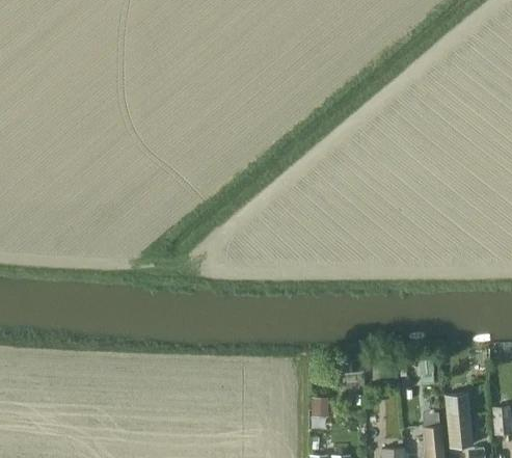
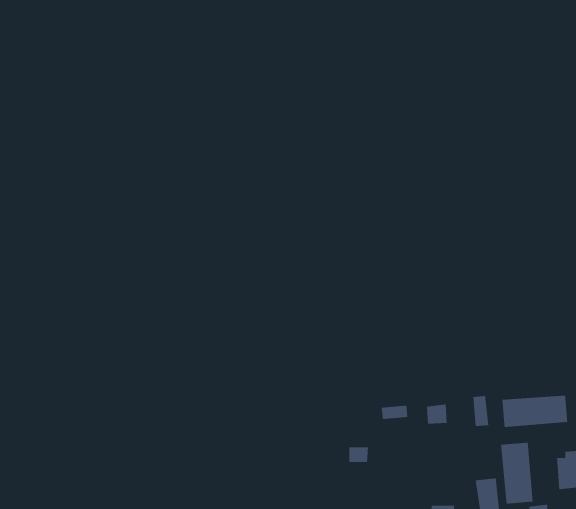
building: none -> [502,395,568,428]

